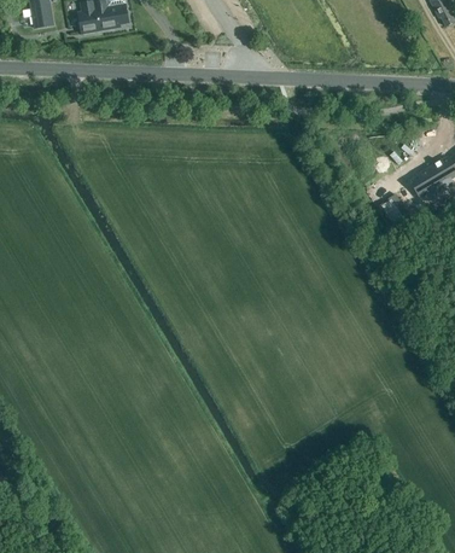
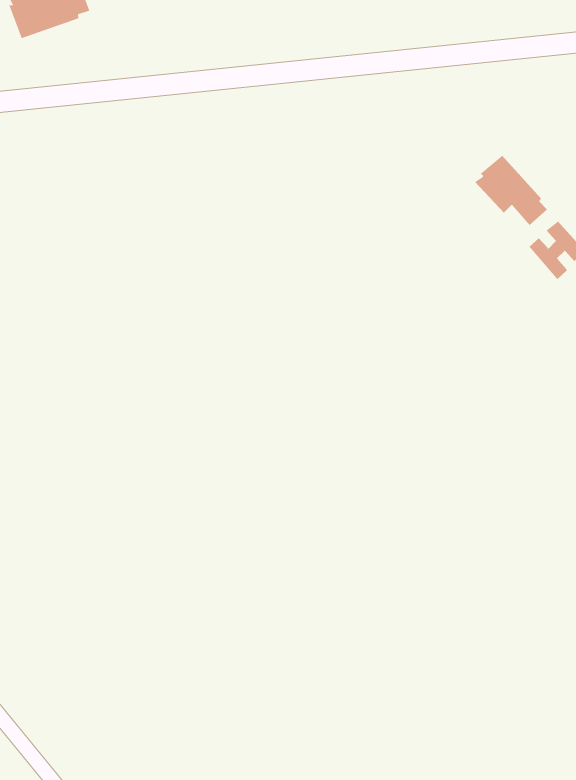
building: none -> [474,155,548,226]

